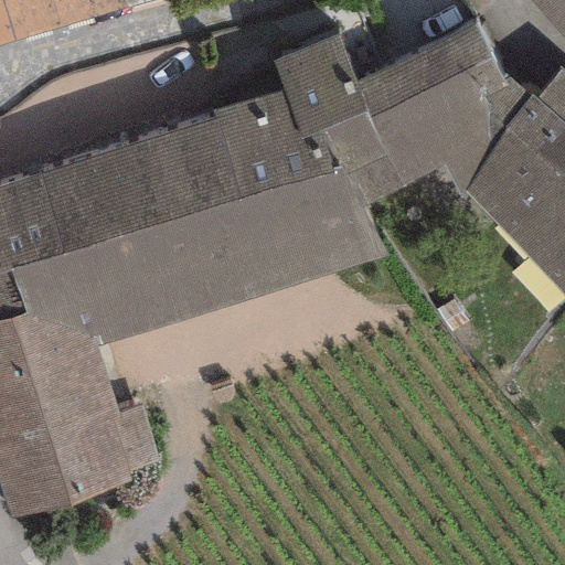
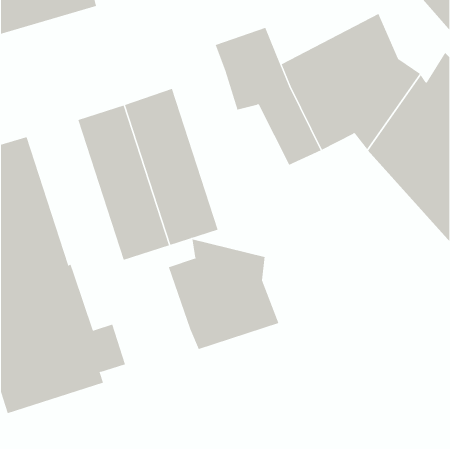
building: [216,88,386,288] -> none
building: [34,150,154,344] -> none
building: none -> [168,238,279,350]

